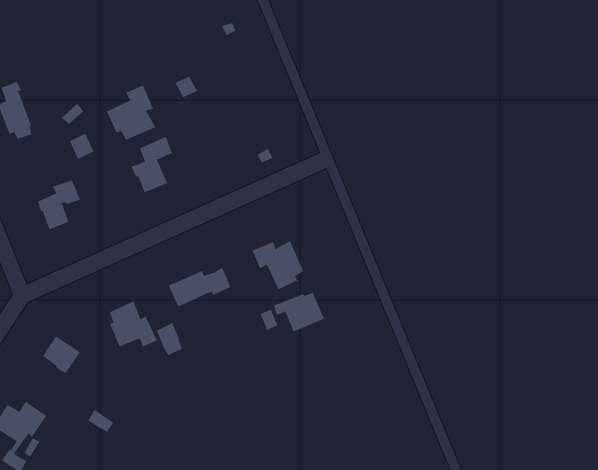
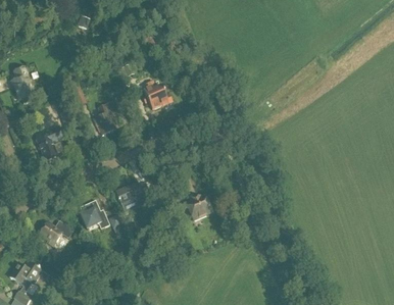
building: [106,85,156,140] -> none
building: none -> [142,81,173,109]
building: [252,240,304,290] -> none

